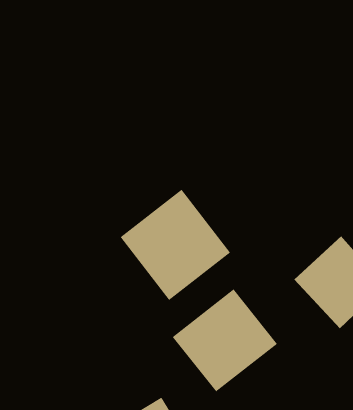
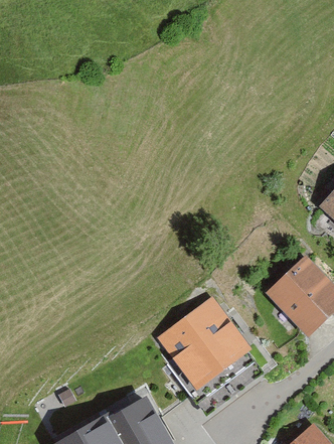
building: [120,189,231,301] -> none

